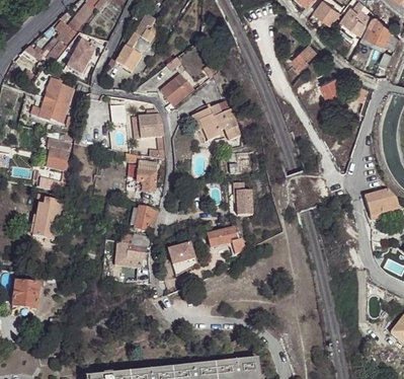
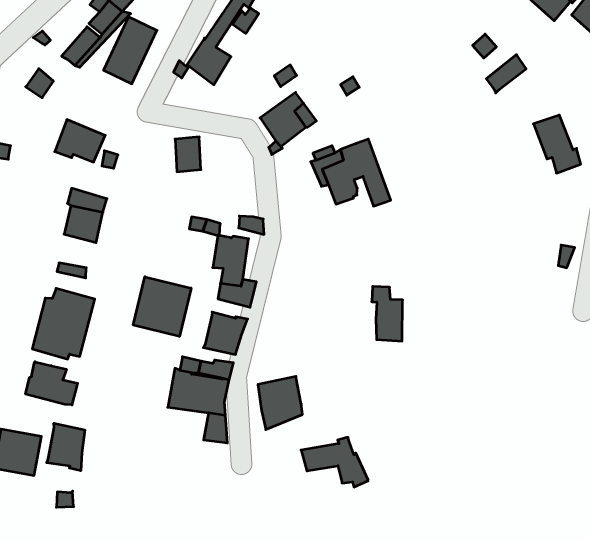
building: [45,79,73,106] -> none
building: [137,115,162,139] -> none
building: none -> [133,277,191,336]
building: [206,226,246,255] -> [301,437,368,487]
building: none -> [26,362,78,405]
building: none -> [47,423,85,471]

